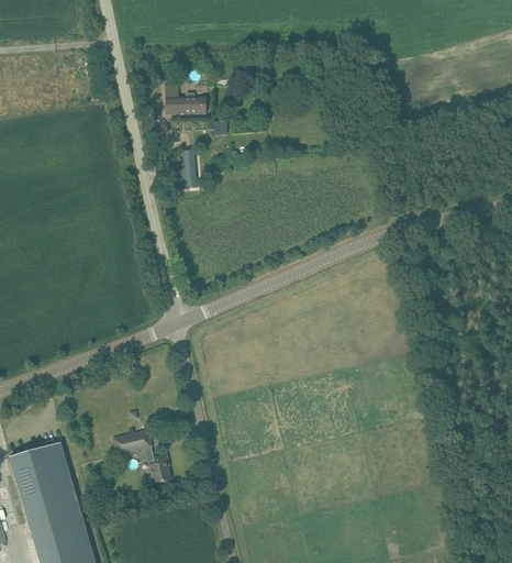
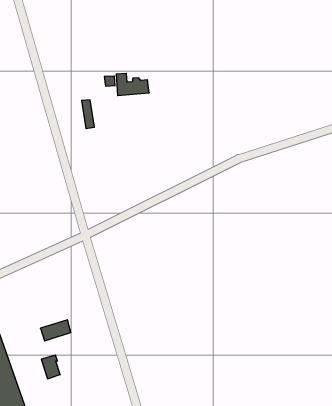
building: [165,87,205,114] -> [116,73,149,96]
building: [147,454,170,484] -> [41,355,60,379]

